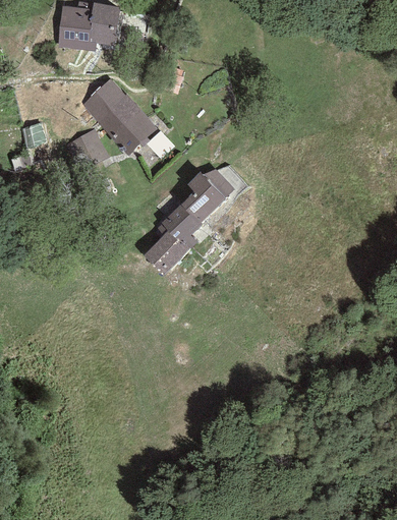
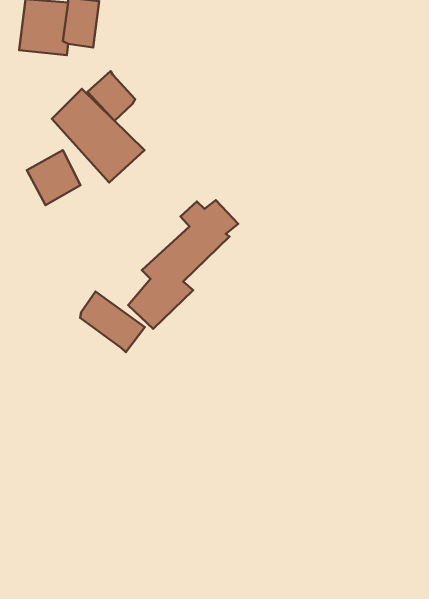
building: none -> [88,71,135,121]
building: none -> [80,292,145,352]

